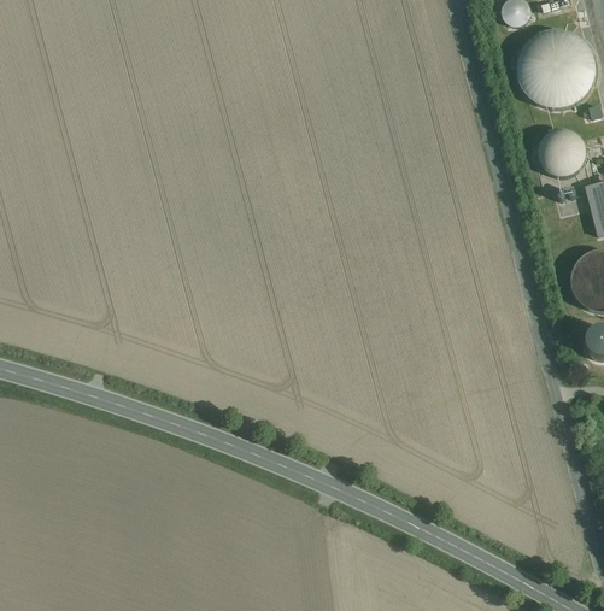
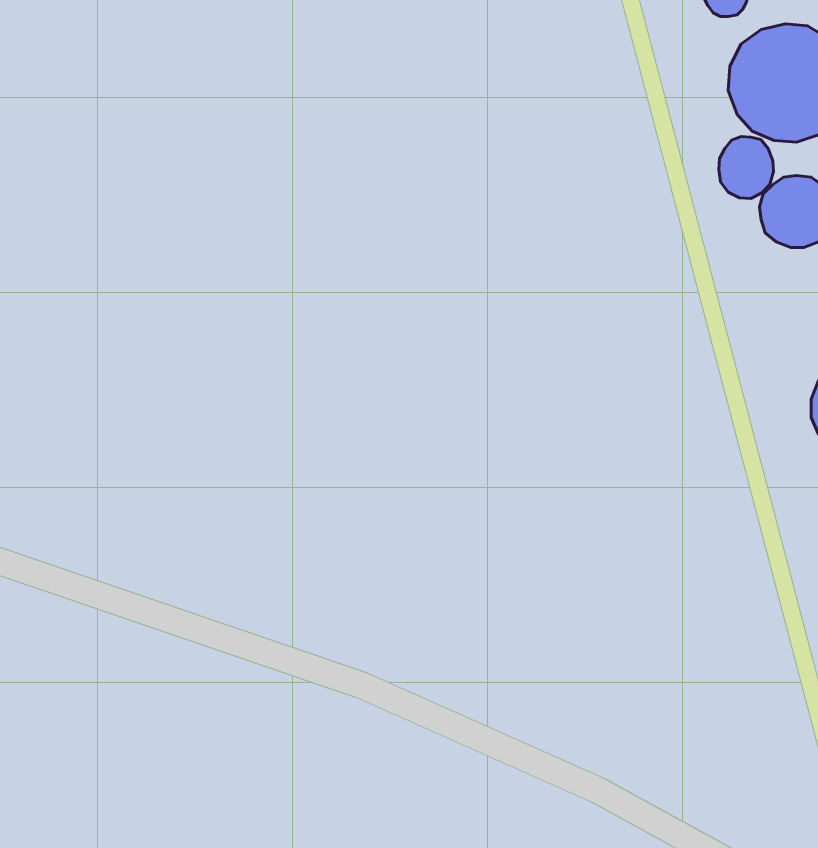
building: none -> [719,136,773,198]

